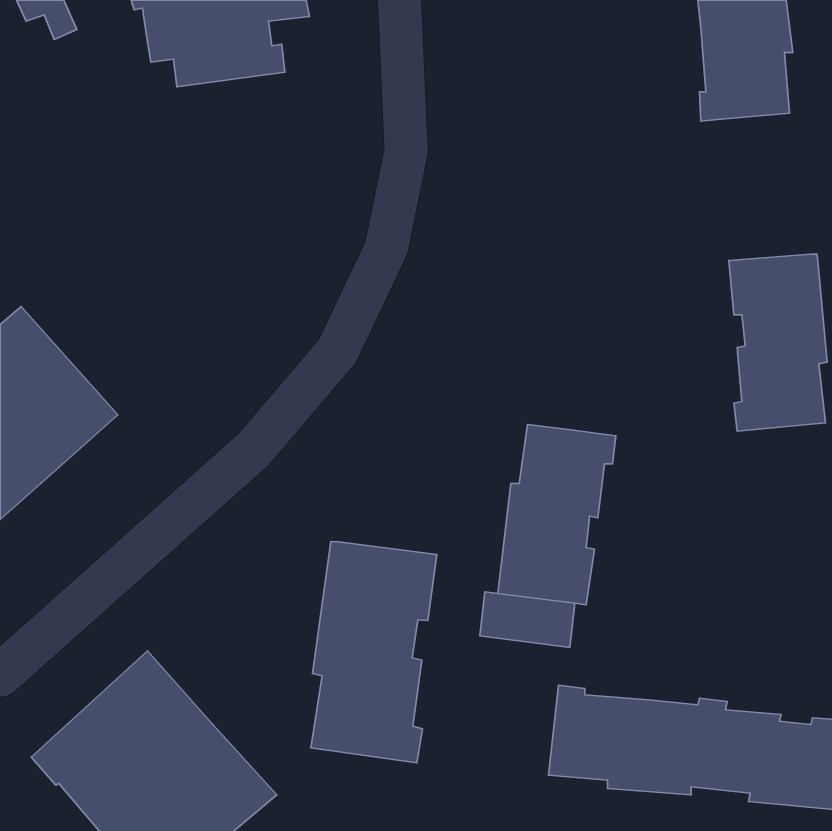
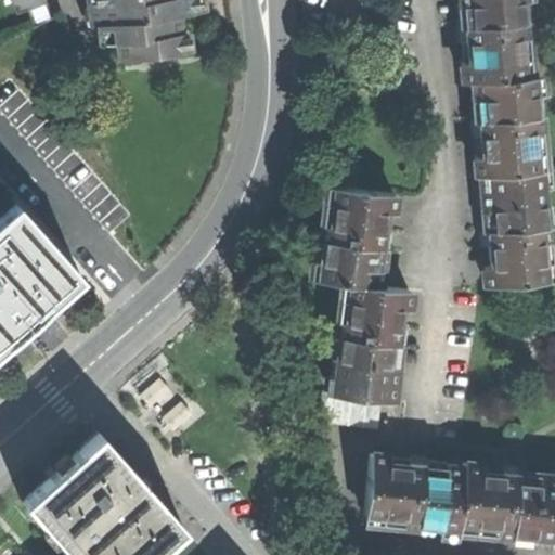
building: none -> [478,78,541,178]
building: none -> [320,190,396,288]
building: [311,542,437,763] -> none

